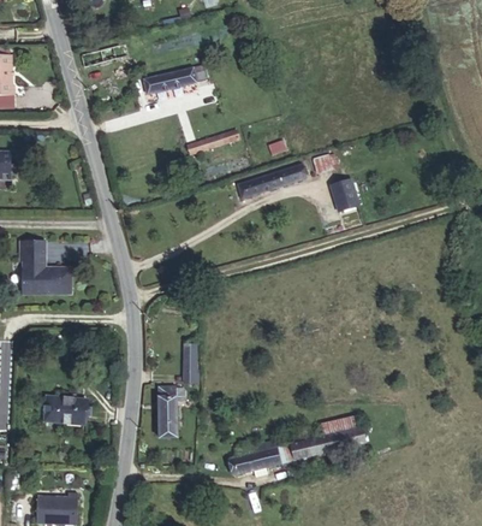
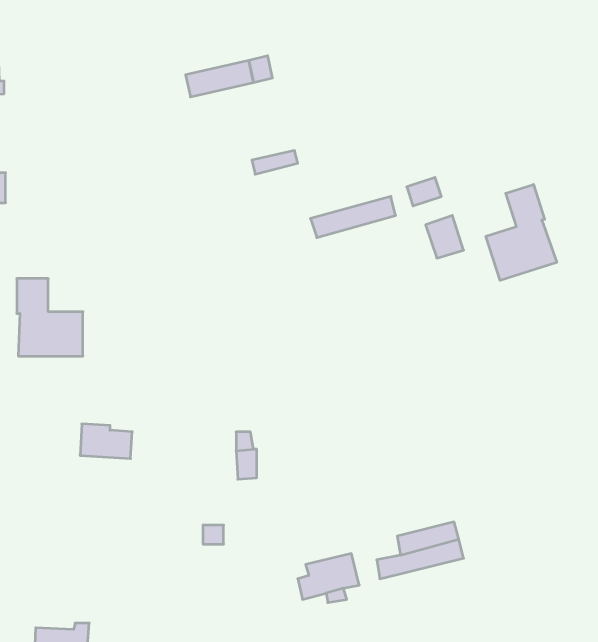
building: none -> [486,184,557,280]
building: [162,389,179,420] -> none
building: [42,397,82,424] -> [80,424,132,459]

